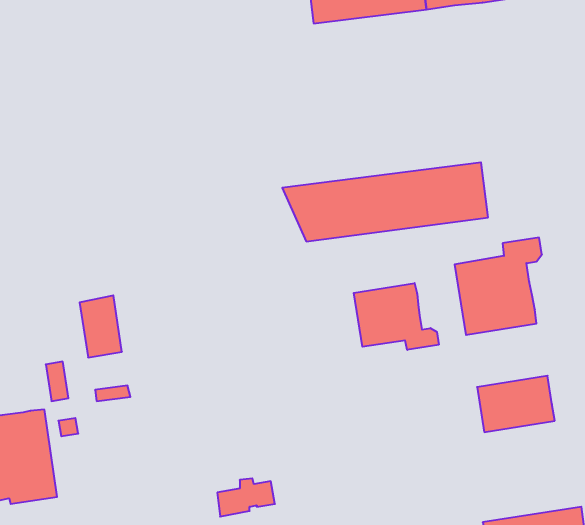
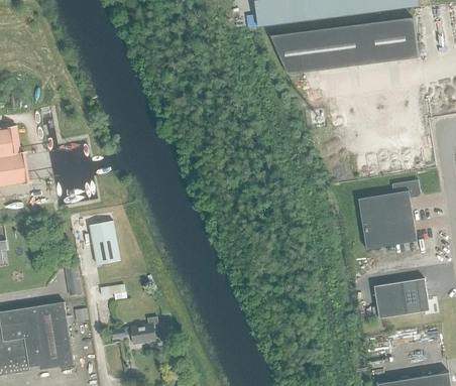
building: [282,162,488,241] -> [269,17,417,74]
building: [354,283,439,350] -> none
building: [217,478,275,517] -> [130,316,172,344]

